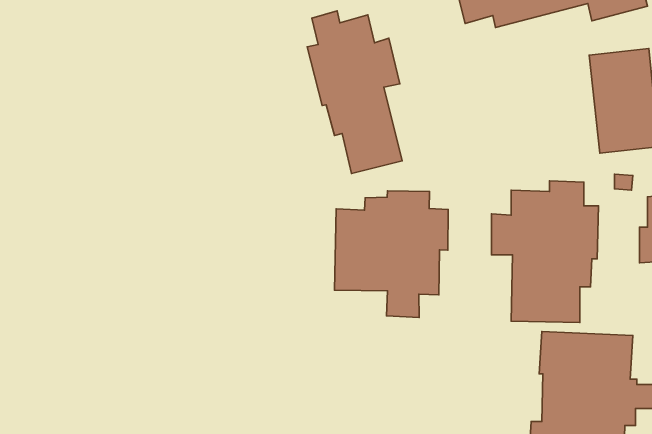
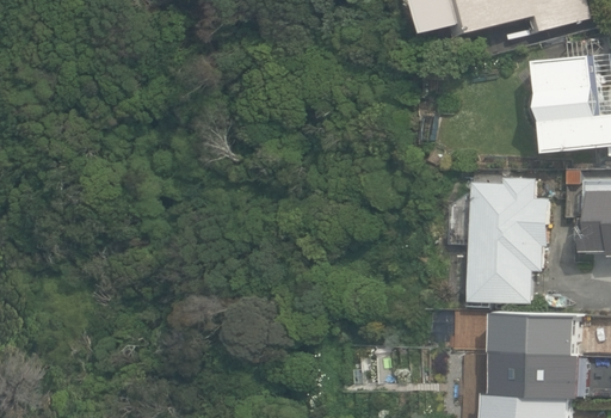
building: [307,11,402,173] -> none
building: [335,191,448,317] -> none

